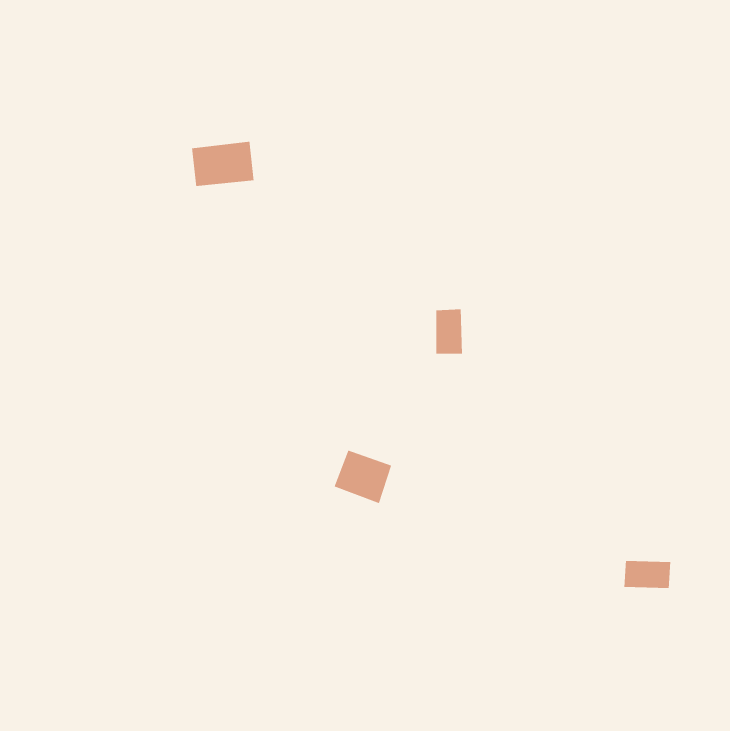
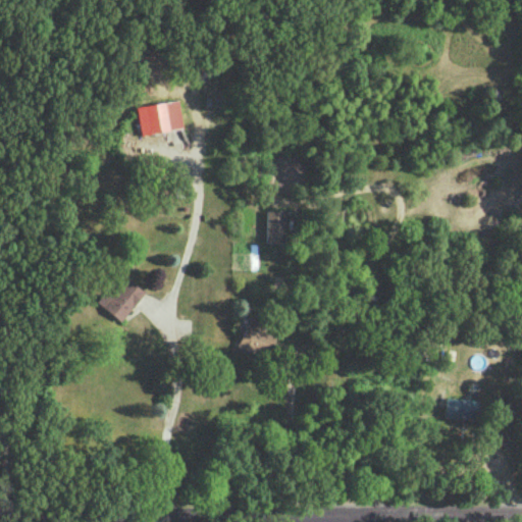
building: [436,308,463,354] -> [267,211,286,244]
building: none -> [96,278,143,322]

